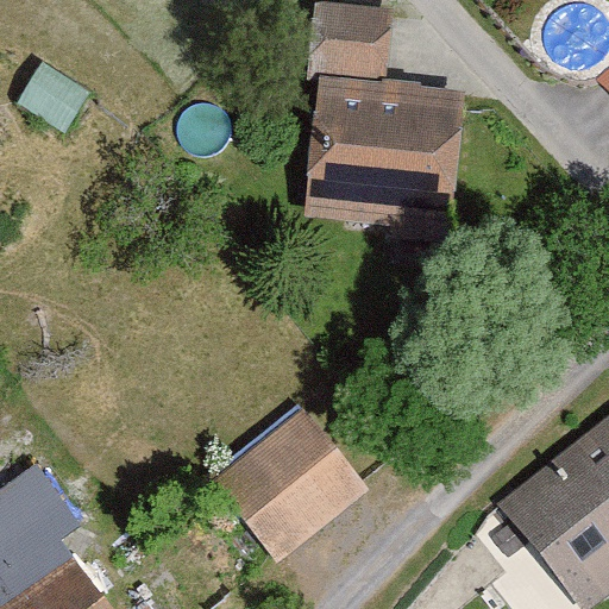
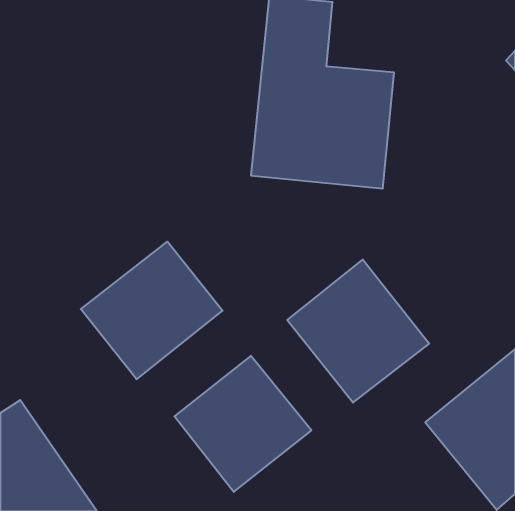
building: none -> [81,242,223,379]
building: none -> [287,260,429,403]

